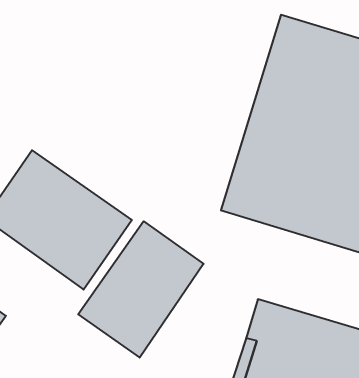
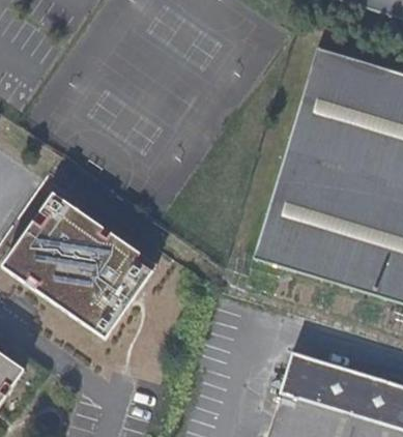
building: [78,221,204,358] -> none

